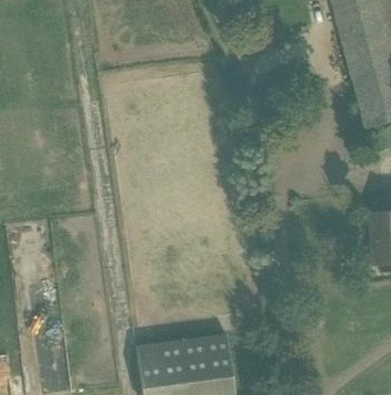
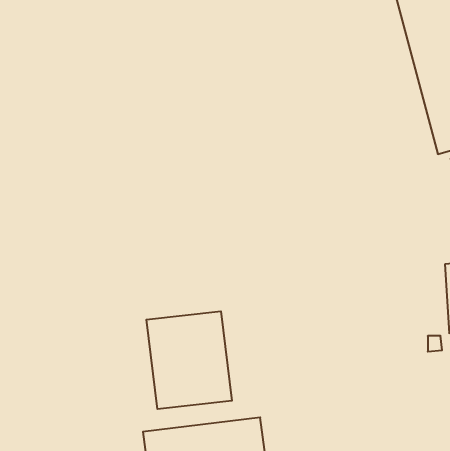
building: none -> [146,311,232,409]

